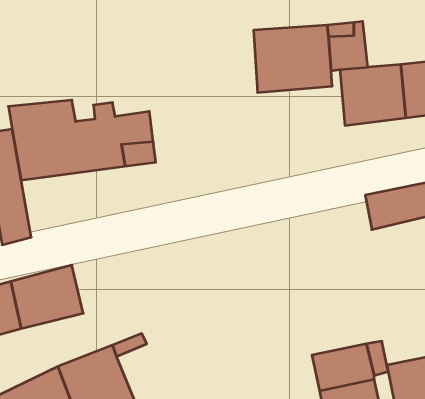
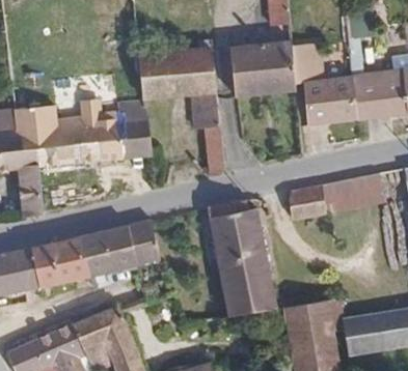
building: none -> [139,51,229,179]
building: none -> [285,181,327,218]
building: none -> [209,202,276,319]
building: none -> [82,220,159,278]

